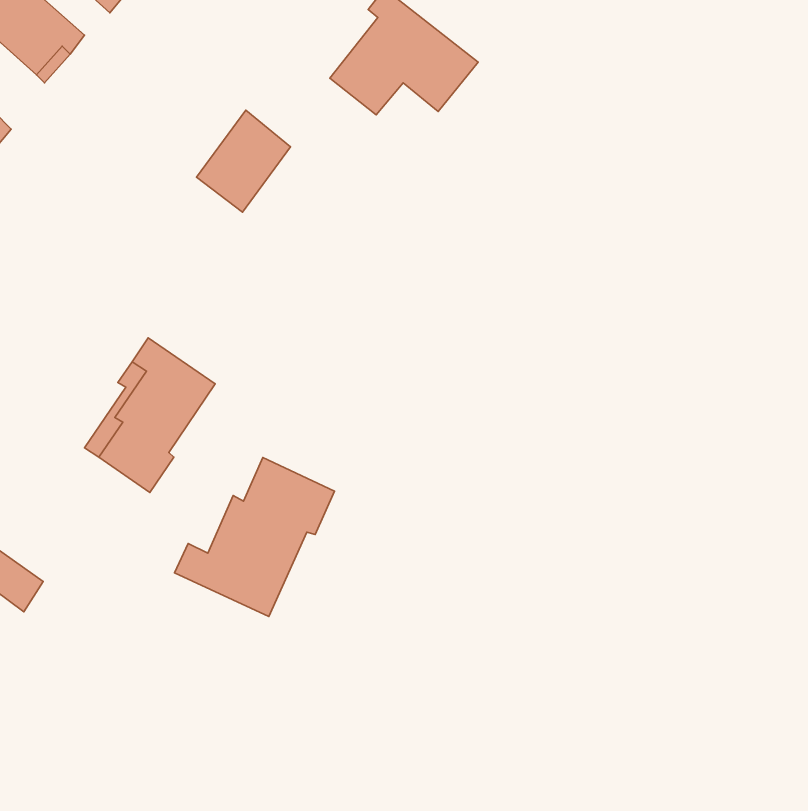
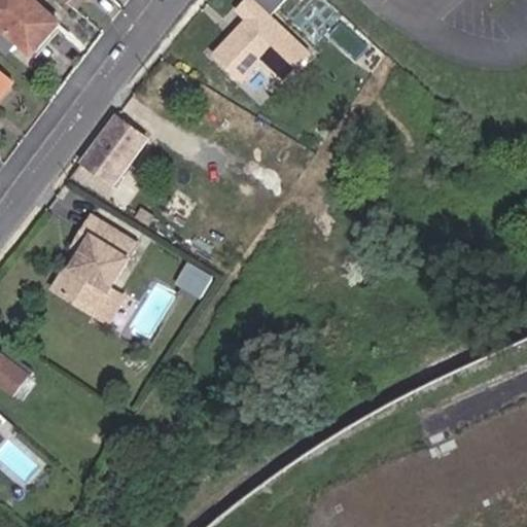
building: [196,110,290,212] -> [82,115,143,181]
building: [175,458,335,617] -> none

